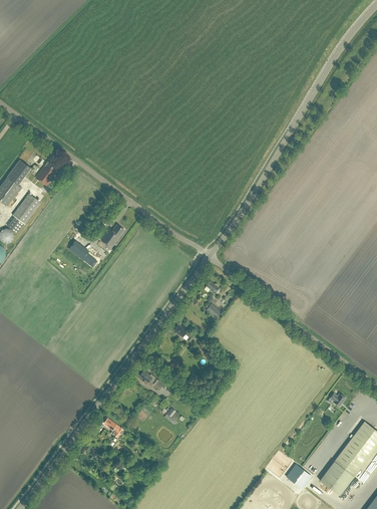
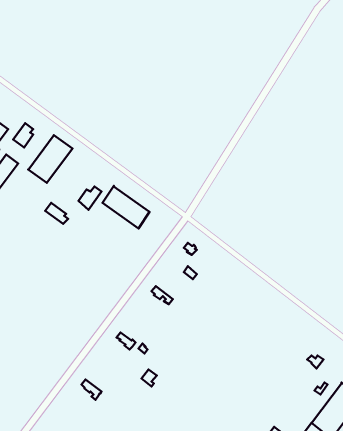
building: none -> [28,135,73,183]
building: none -> [103,186,150,229]

